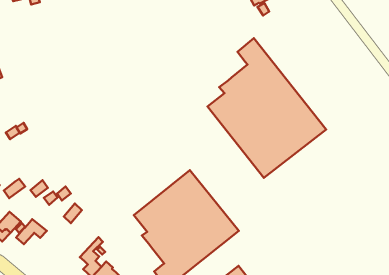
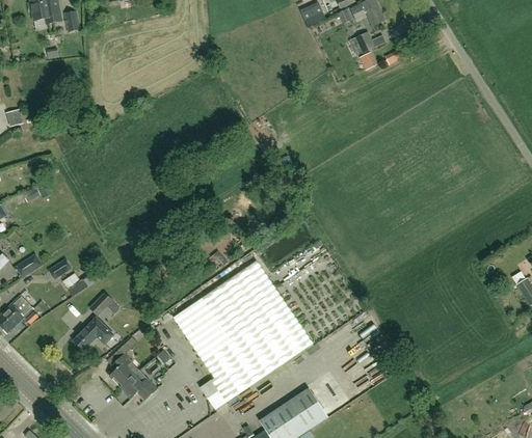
building: [208,38,326,178] -> none
building: [16,219,47,244] -> [73,319,113,350]

